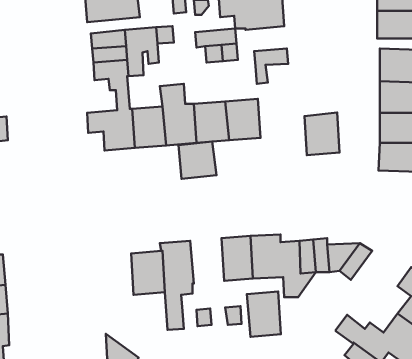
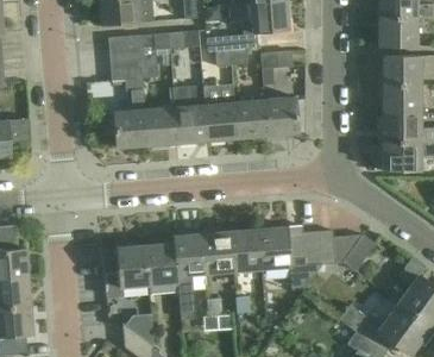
building: [304,112,340,155] -> [266,96,300,137]
building: [179,142,217,179] -> none
building: none -> [105,246,149,296]
building: [247,292,281,337] -> [202,232,234,275]

